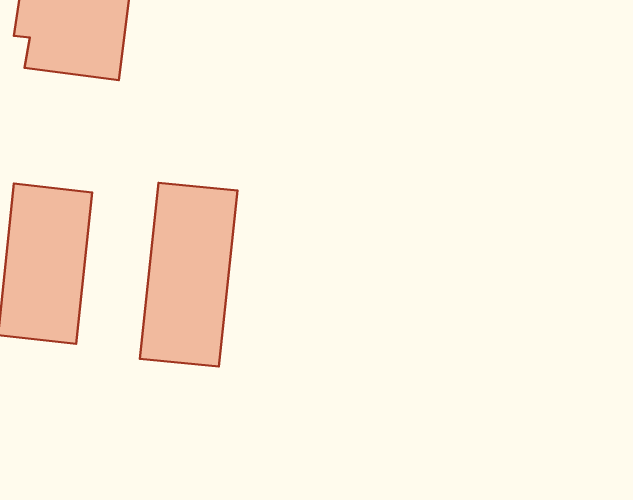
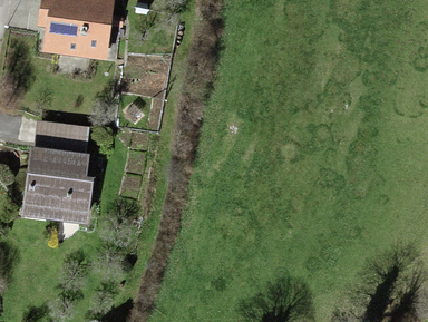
building: [140,183,237,366] -> none

